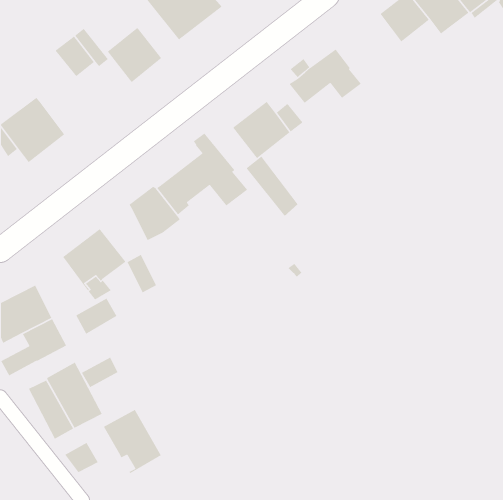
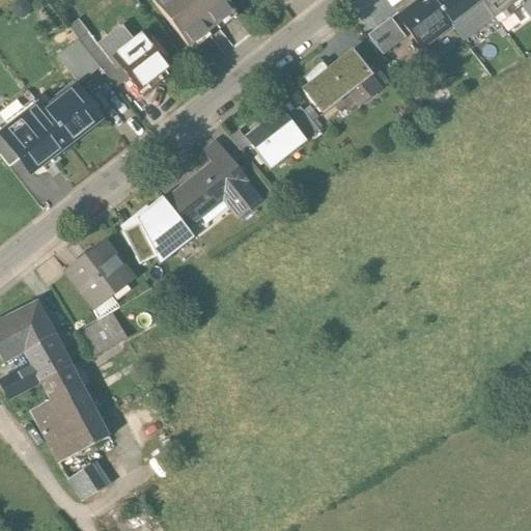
building: none -> [369,15,408,52]
building: none -> [46,83,103,141]
building: [245,156,298,217] -> none
building: [126,254,157,293] -> [124,220,157,261]
building: [81,357,118,388] -> [41,363,81,396]
building: [103,409,162,474] -> none

